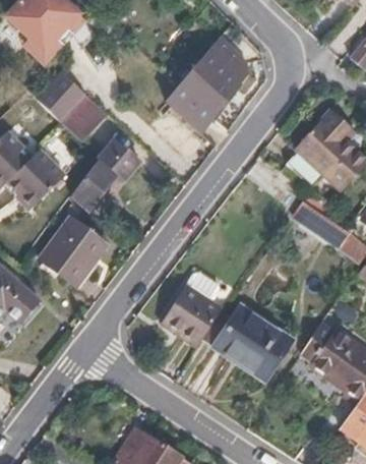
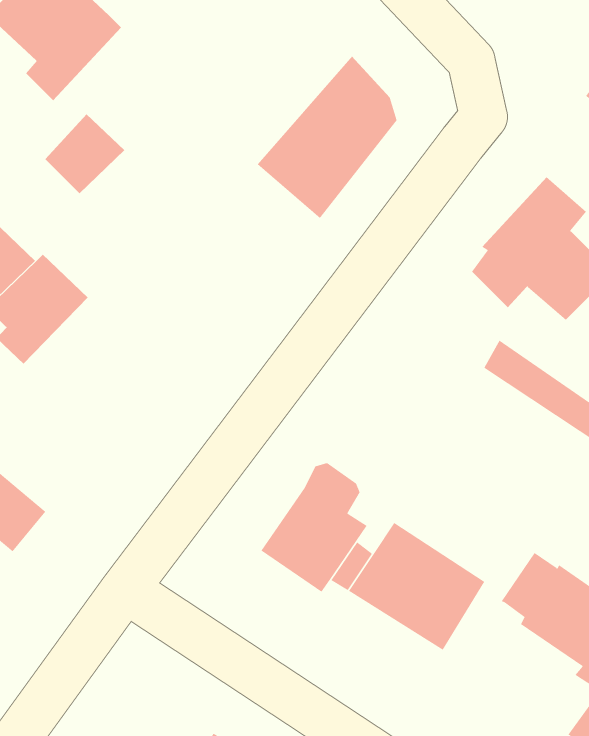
building: [58,92,103,135] -> none
building: [69,138,137,211] -> none
building: [40,217,106,284] -> none

